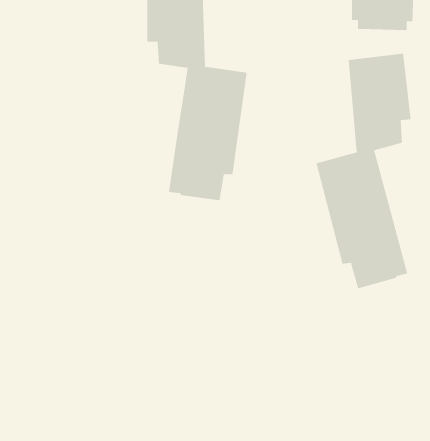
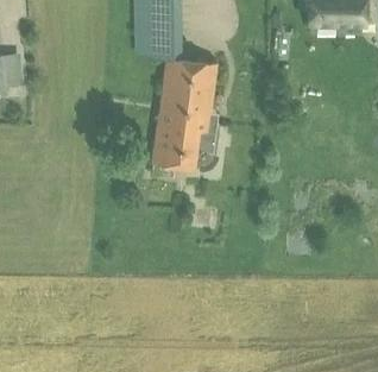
building: [316,53,411,289] -> none

